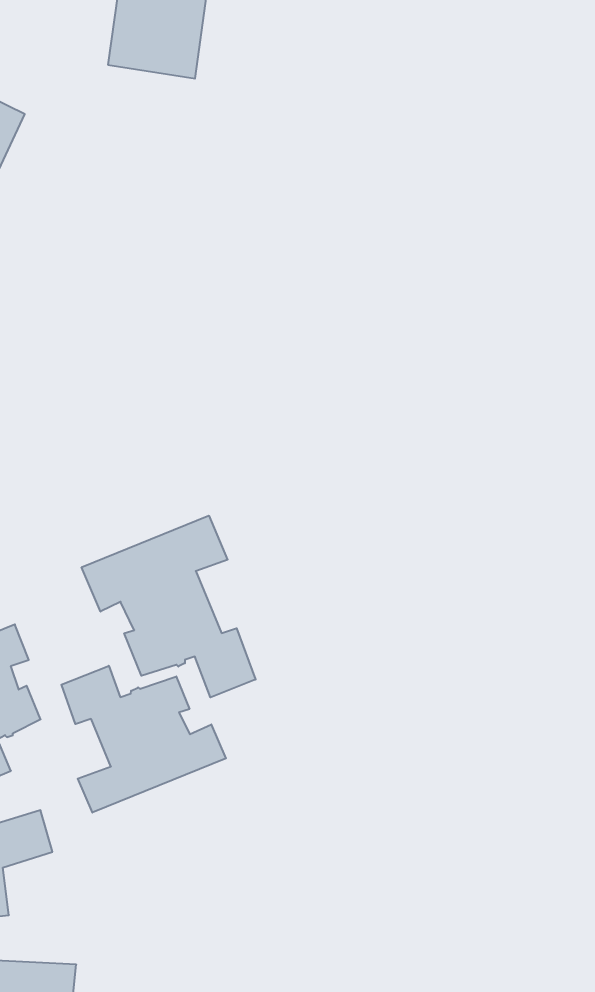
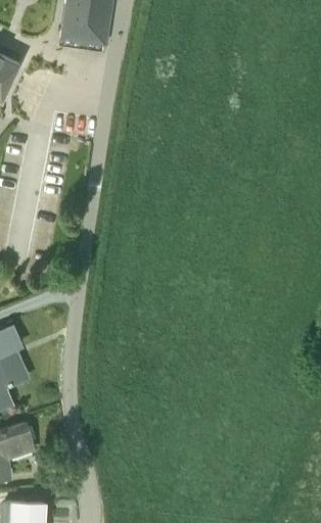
building: [82,516,256,697] -> none
building: [61,666,226,813] -> none

